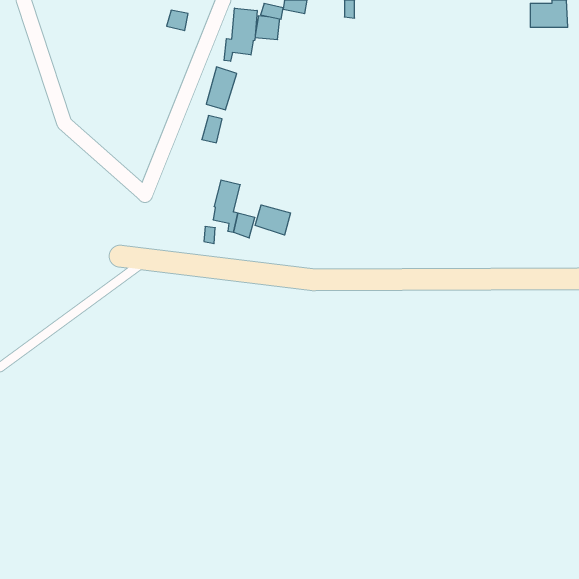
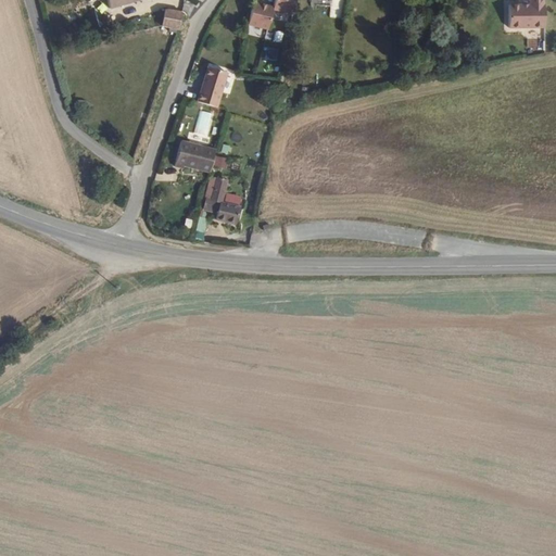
building: [224,8,257,61] -> none
building: none -> [176,137,216,168]
building: [255,205,290,235] -> none

